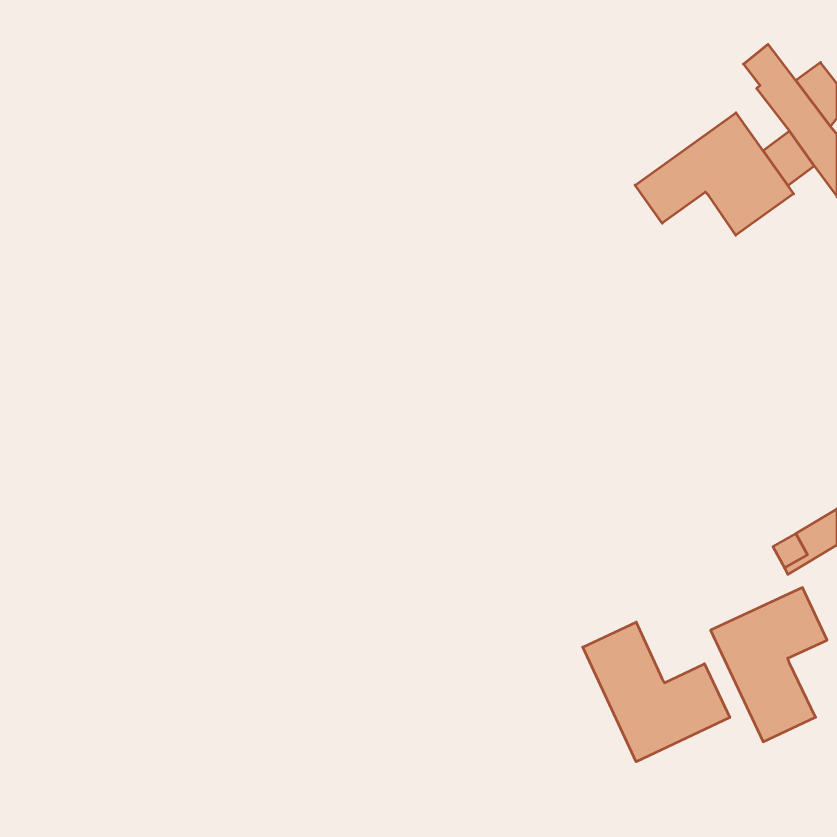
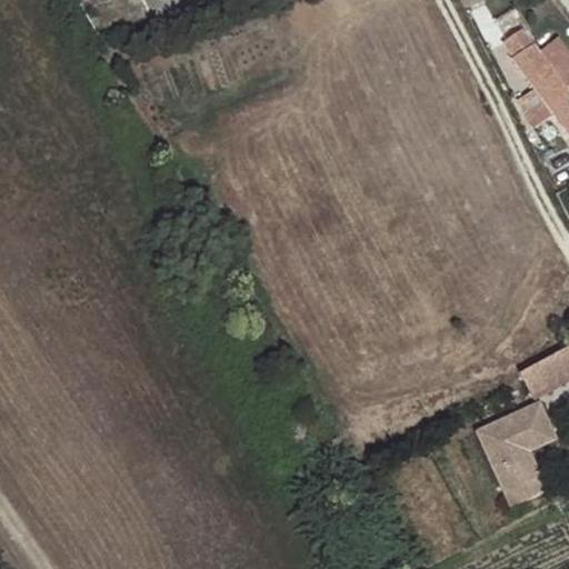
building: [635,113,794,235] -> none
building: [583,622,730,762] -> none

